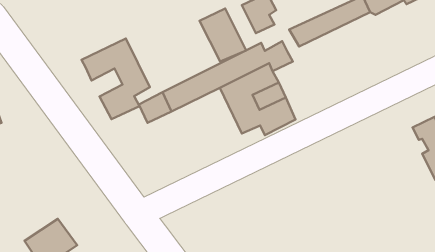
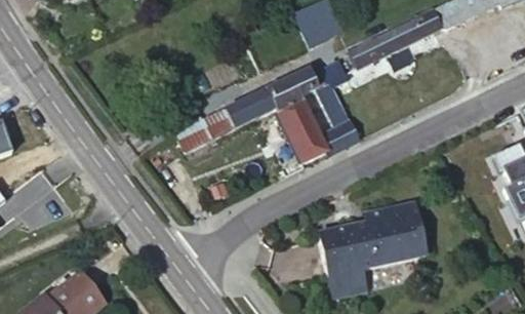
building: [200,8,246,62] -> none
building: [81,38,150,119] -> none
building: none -> [322,201,429,296]

